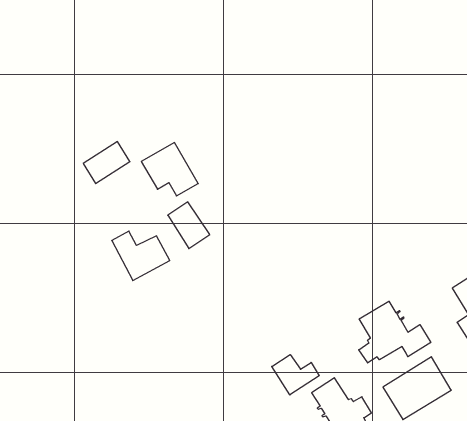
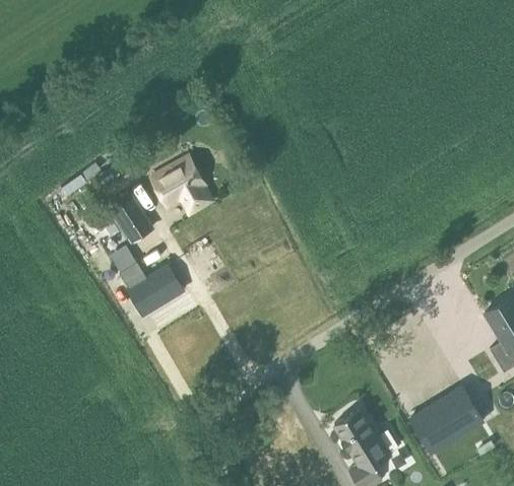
building: [168,202,210,249] -> [108,195,152,245]
building: [359,301,431,363] -> none
building: [272,355,319,395] -> none

